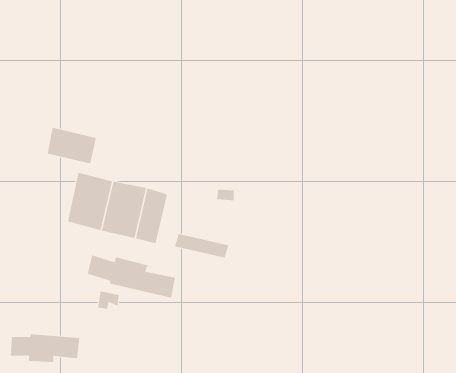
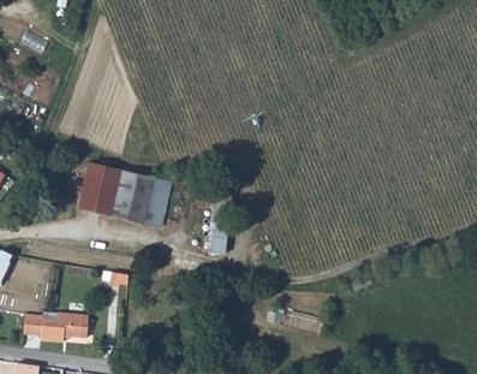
building: [47,127,97,164] -> none
building: [87,255,175,299] -> none

